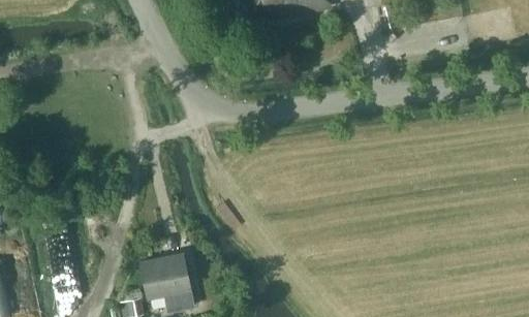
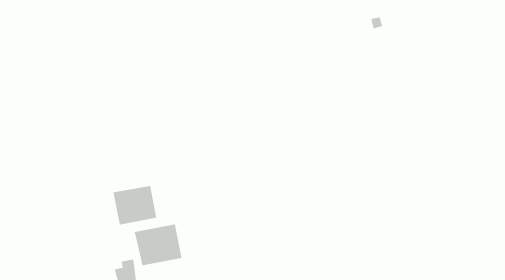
building: none -> [112,185,157,225]

